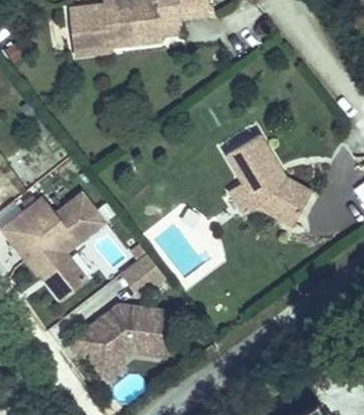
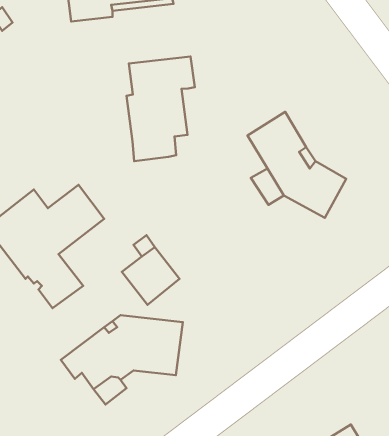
building: none -> [126,56,195,161]

